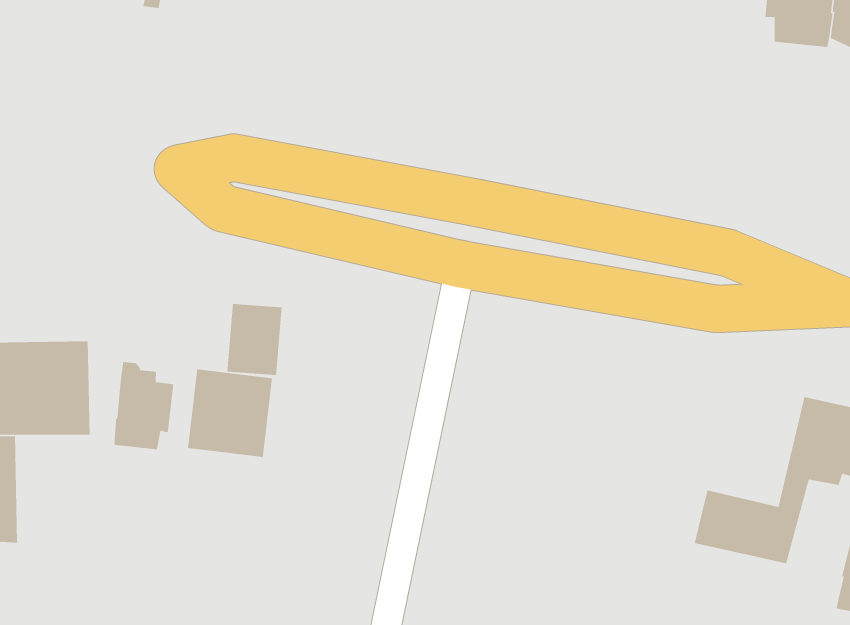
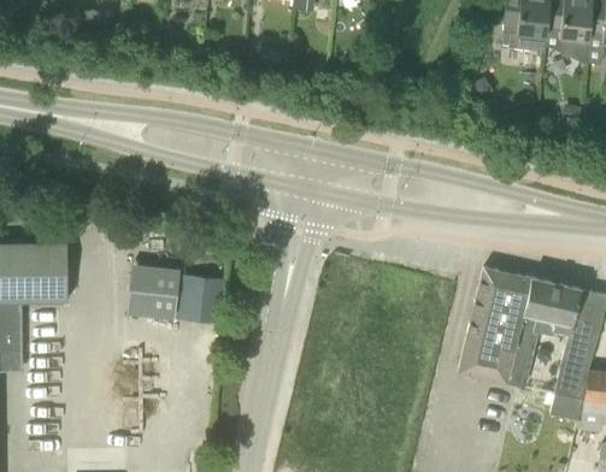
building: [227,303,282,376] -> [183,273,219,320]
building: [114,361,174,450] -> none
building: none -> [466,269,529,350]

